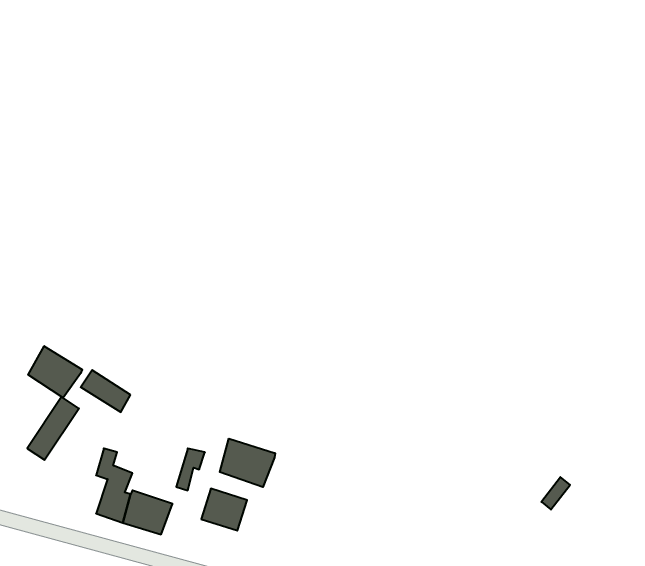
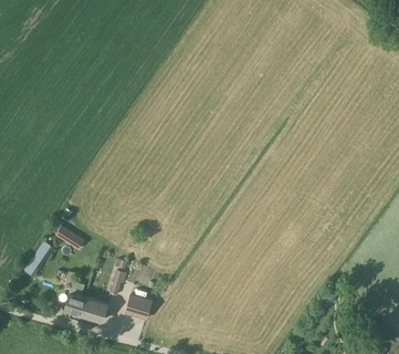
building: [28,346,82,398] -> none
building: [220,439,275,487] -> none

